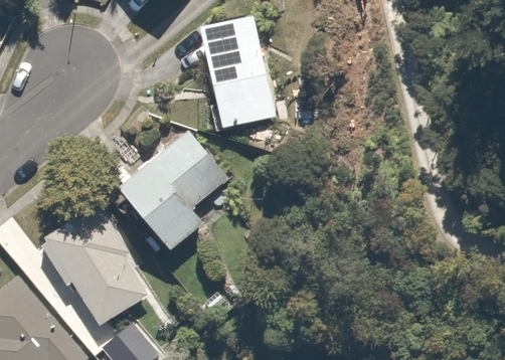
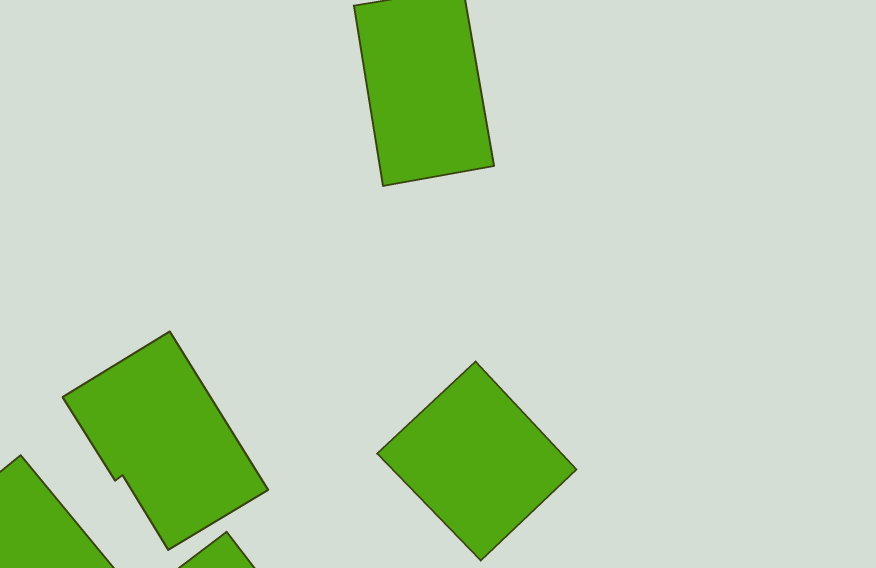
building: [120,132,240,251] -> none
building: none -> [377,361,576,561]

